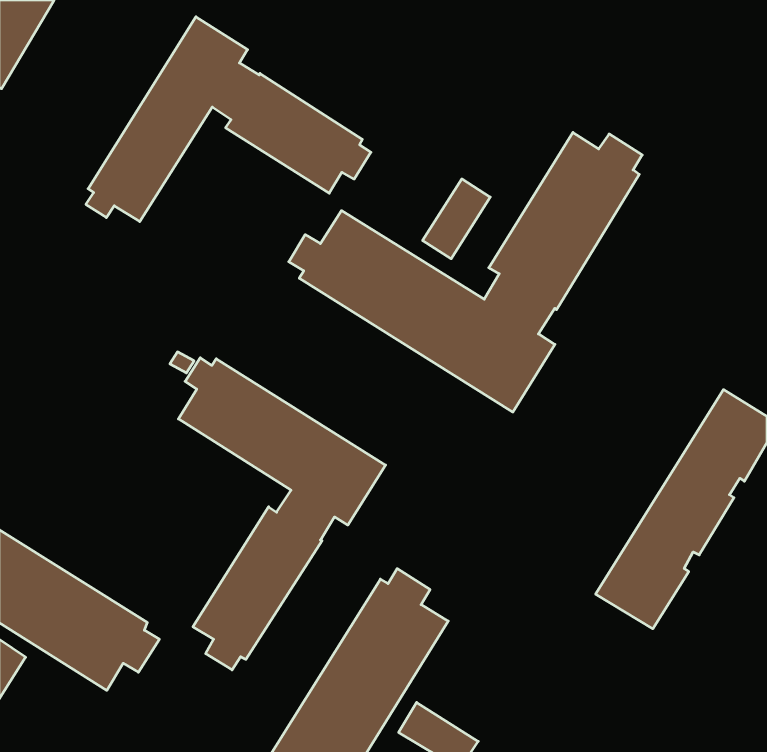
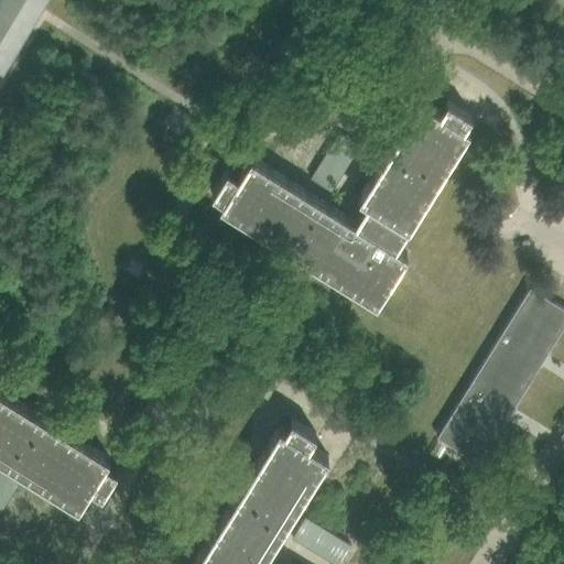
building: [86,17,371,222] -> none
building: [178,358,386,670] -> none

